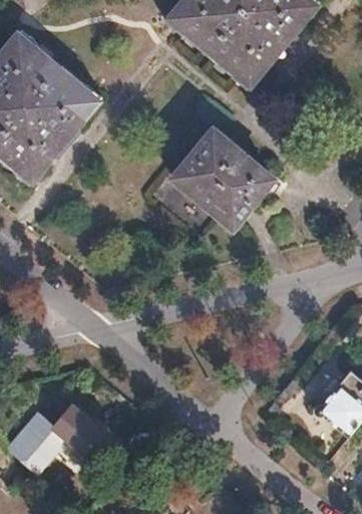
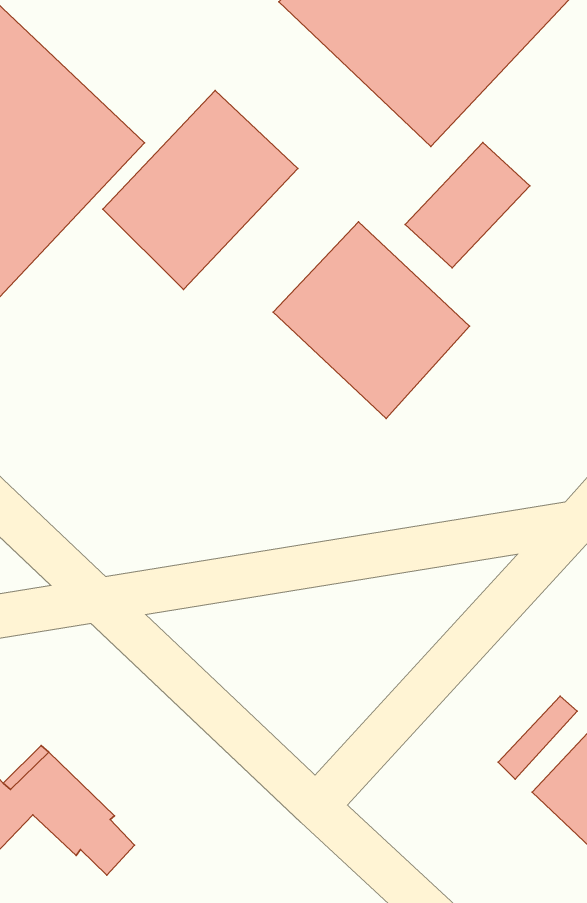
building: none -> [103,91,298,289]
building: none -> [405,142,530,268]

